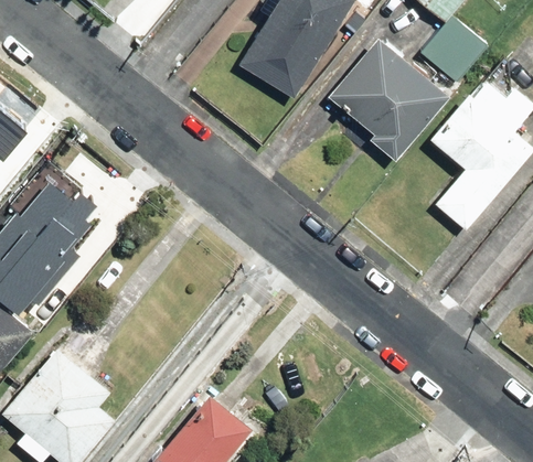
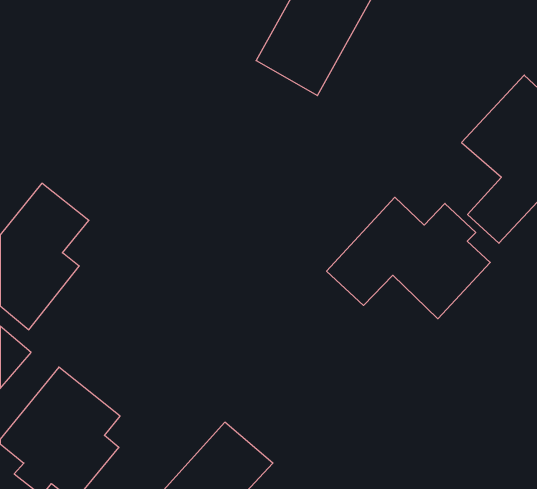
building: [419,13,487,79] -> none
building: [328,37,449,161] -> none
building: none -> [327,197,490,319]

